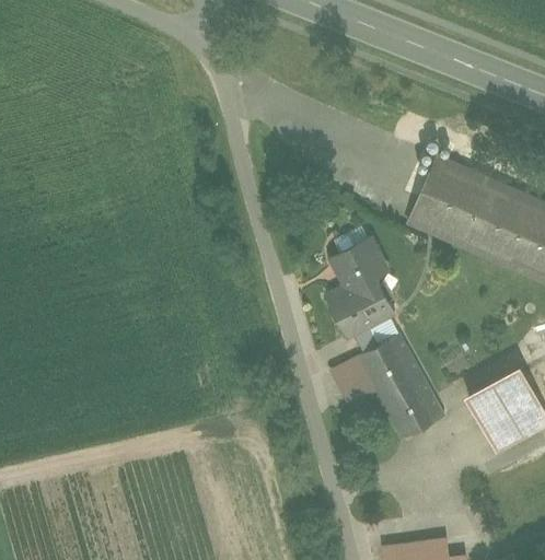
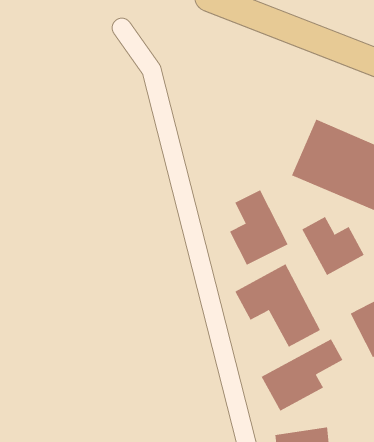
building: none -> [302,216,364,276]
building: none -> [261,338,343,412]

